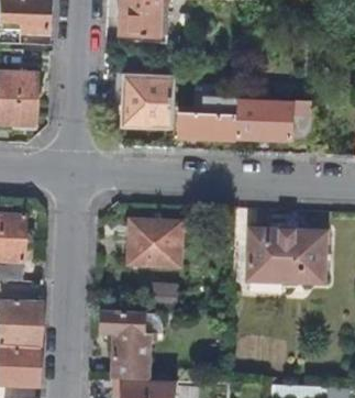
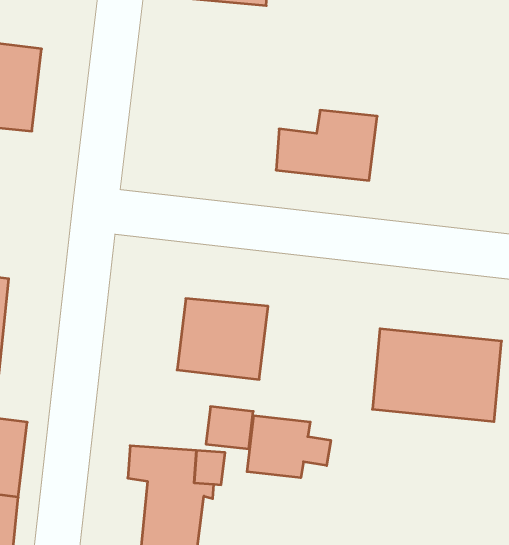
building: [123,75,174,128] -> none
building: [237,99,310,142] -> none
building: none -> [247,416,331,478]

